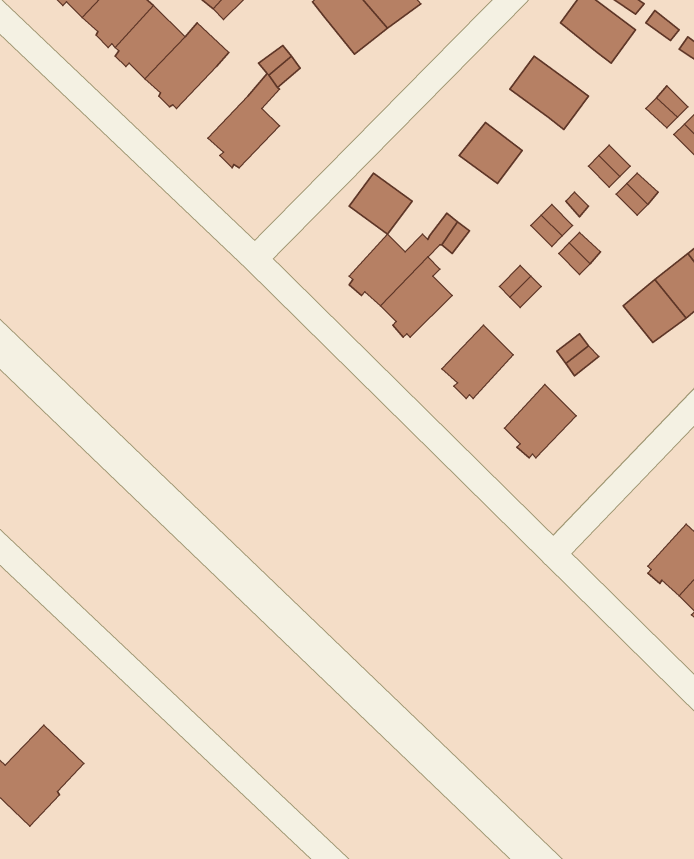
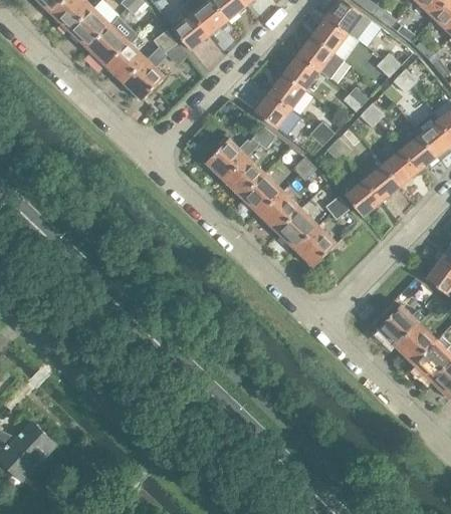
building: none -> [174,14,209,50]
building: none -> [312,17,349,52]
building: none -> [106,42,148,83]
building: none -> [284,55,320,90]
building: [349,173,412,234] -> [255,93,291,128]
building: none -> [241,174,283,216]
building: none -> [345,180,381,216]
building: none -> [277,208,318,250]

